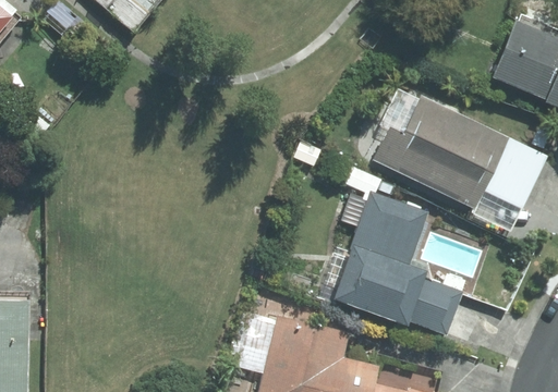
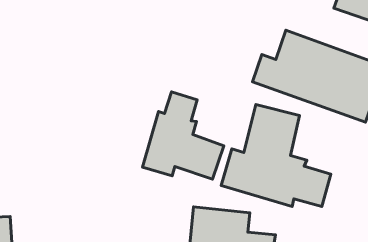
building: none -> [142,92,224,179]

